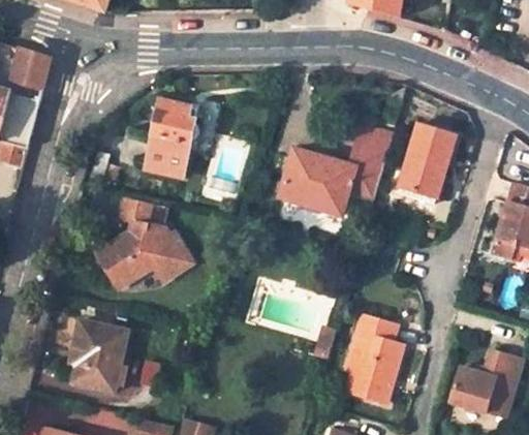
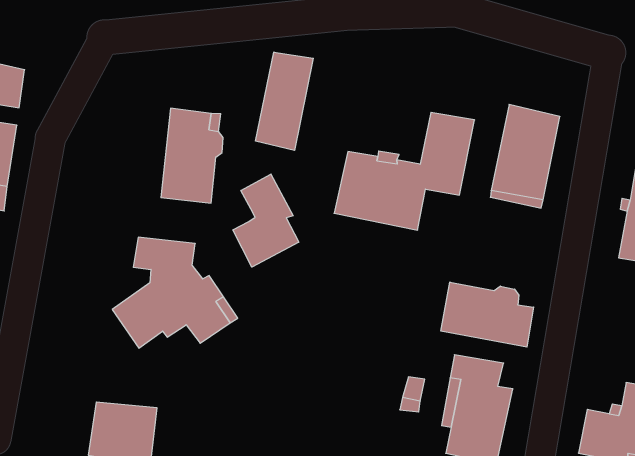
building: none -> [256,52,313,150]
building: none -> [233,174,299,267]
building: none -> [441,282,534,347]

